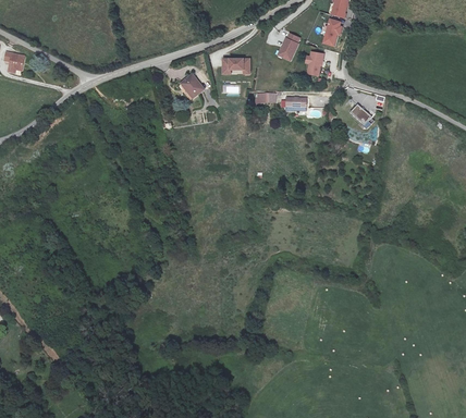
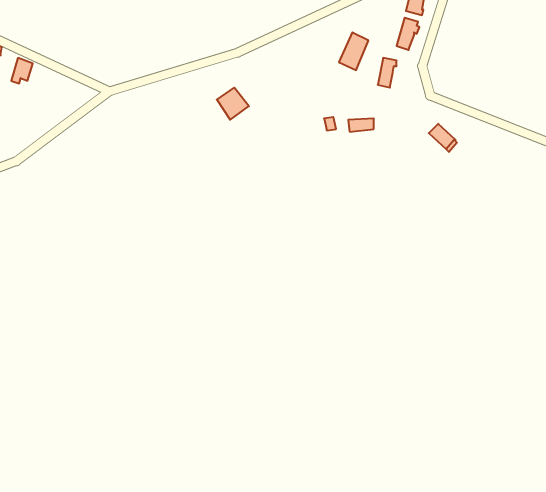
building: [221,57,250,73] -> none

